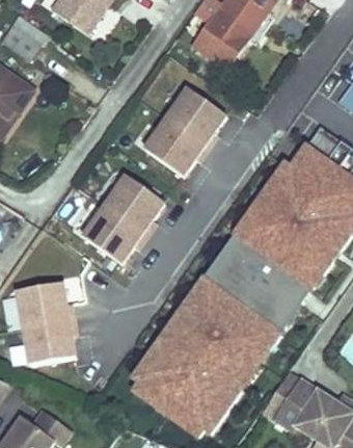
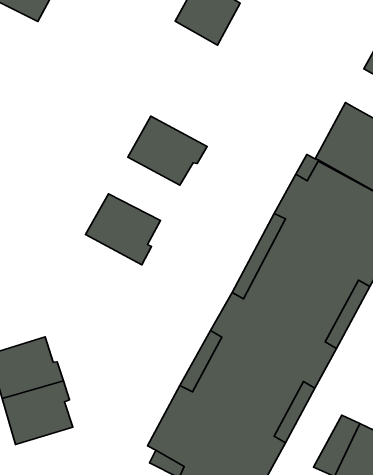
building: [164,88,223,148] -> none
building: [81,206,143,264] -> none

